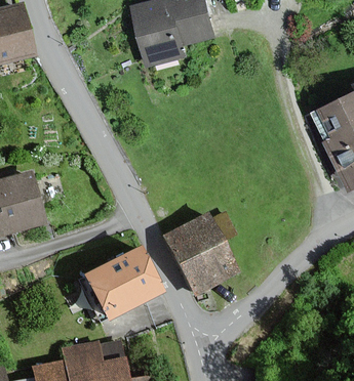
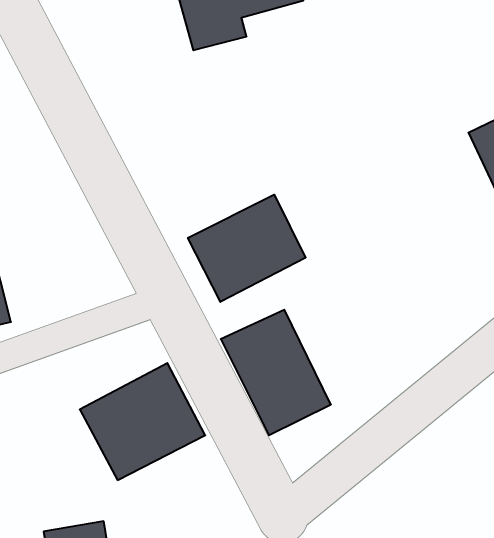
building: none -> [188,195,306,302]

